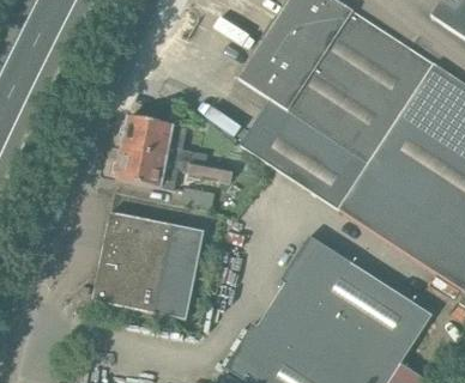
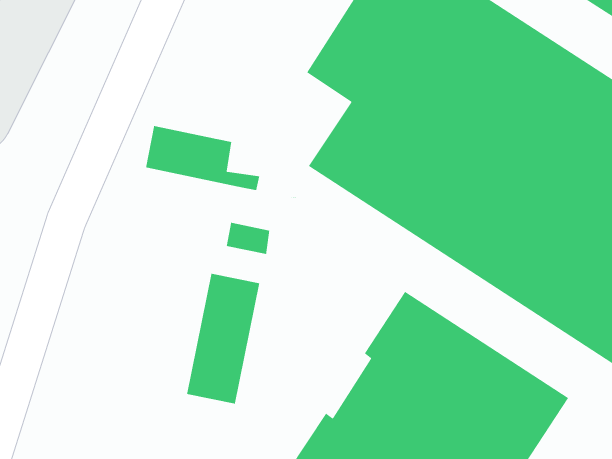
building: [116,146,232,189] -> none
building: [92,211,170,311] -> none

